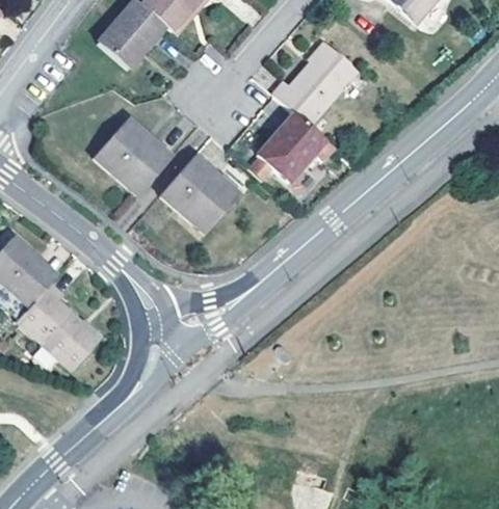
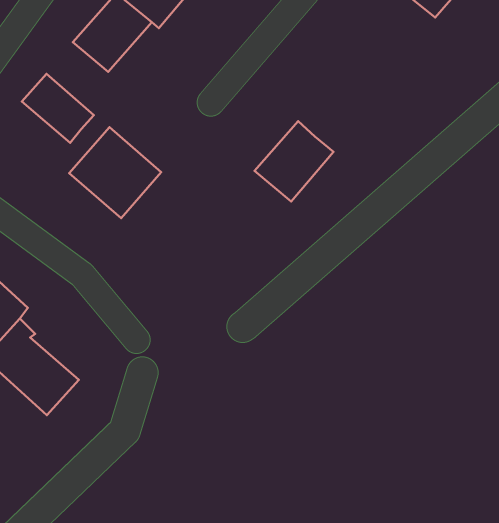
building: [272,42,358,125] -> none
building: none -> [22,74,94,143]
building: [160,155,240,234] -> none

